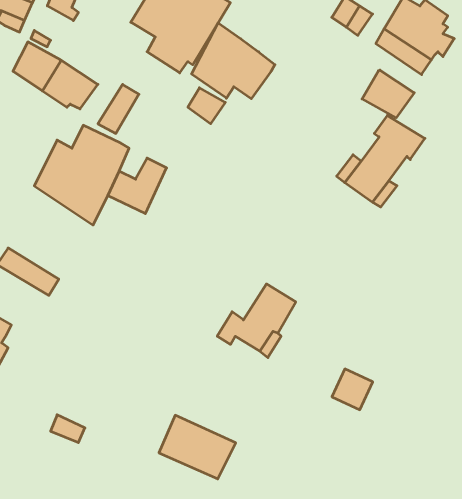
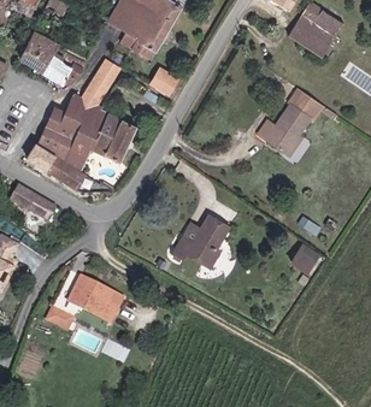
building: [192,23,275,99] -> none
building: [362,70,414,118] -> none
building: none -> [26,143,86,190]
building: [332,369,373,410] -> [293,243,323,273]
building: [159,415,236,479] -> [67,276,124,323]

